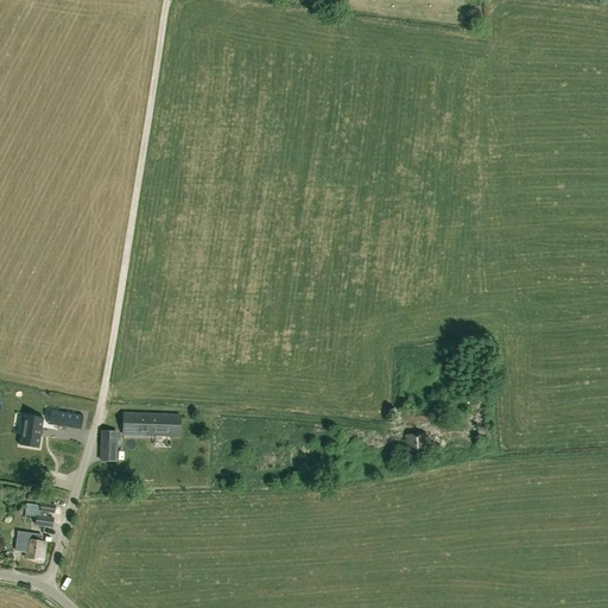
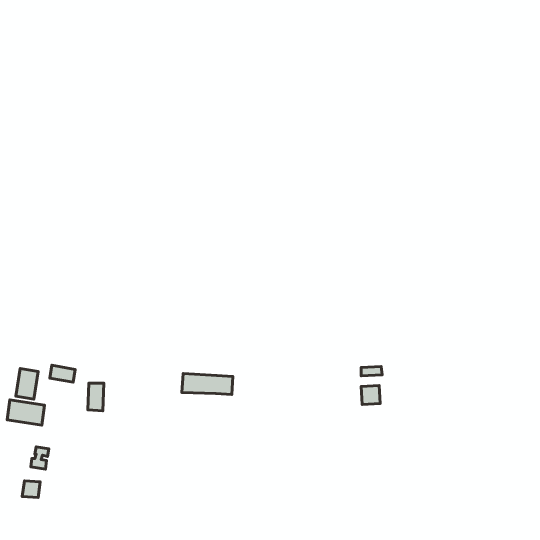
building: [122,412,179,436] -> [182,373,233,395]
building: none -> [7,400,44,425]

